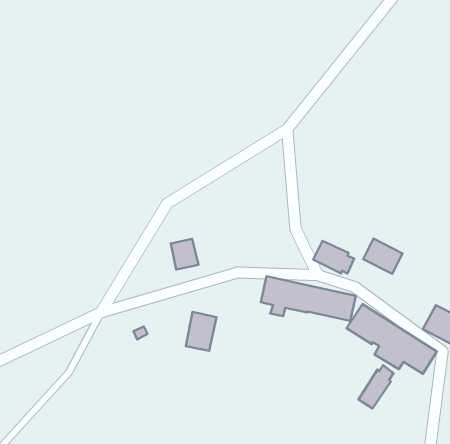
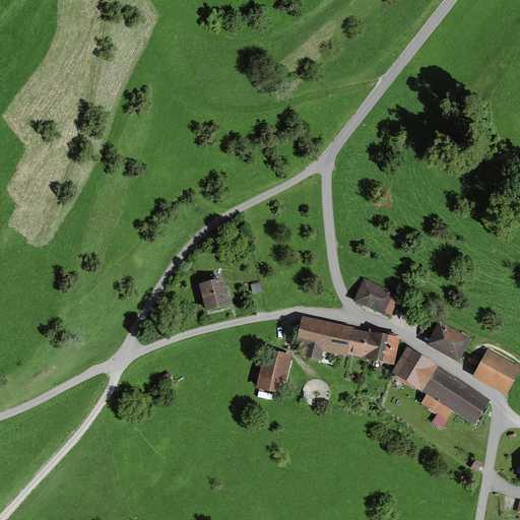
building: [363,239,402,274] -> [427,321,469,360]
building: [186,312,217,351] -> [257,348,290,391]
building: [358,365,394,409] -> none

